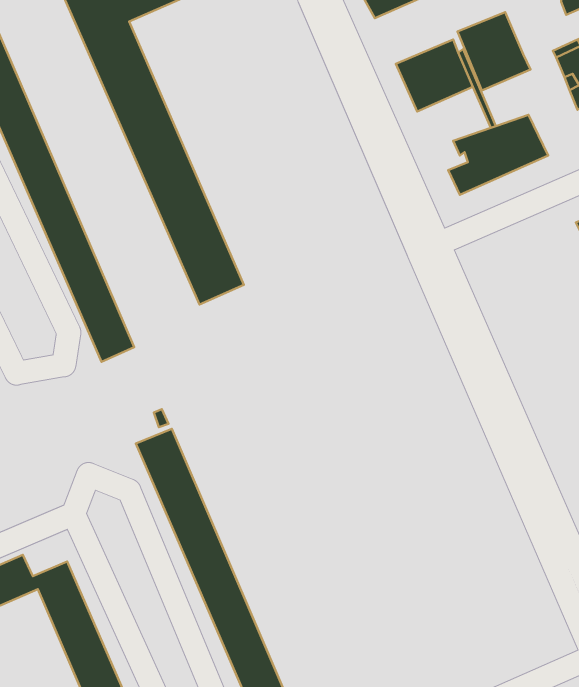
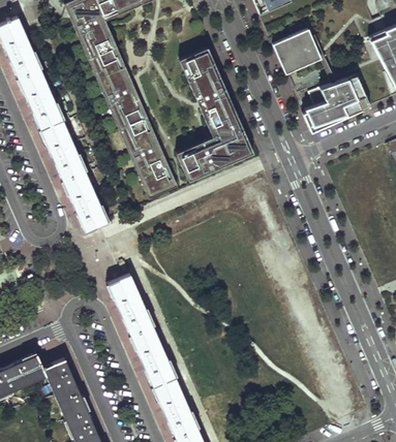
building: [458,12,531,90] -> none
building: none -> [179,46,251,177]

